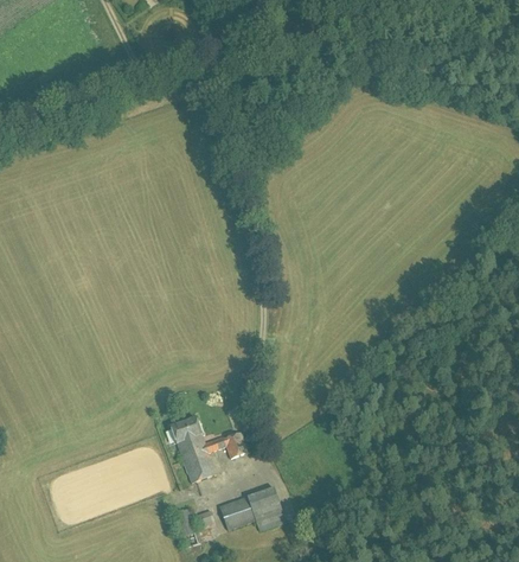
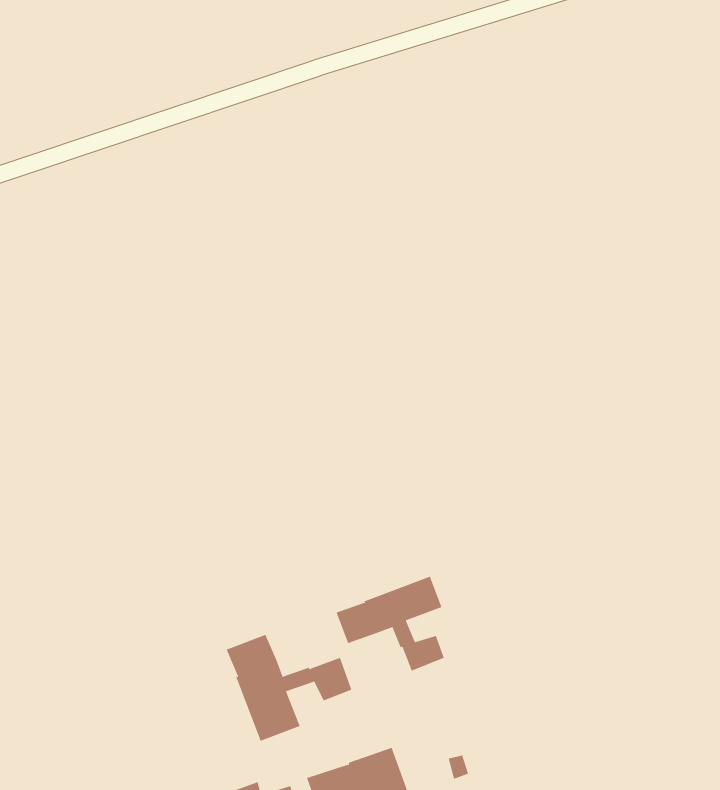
building: none -> [336,576,444,671]

